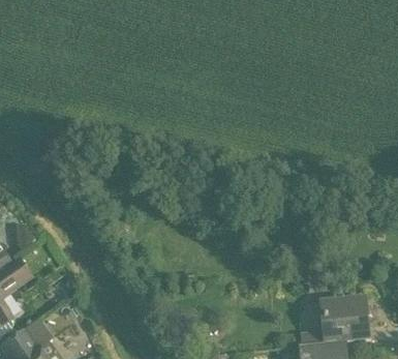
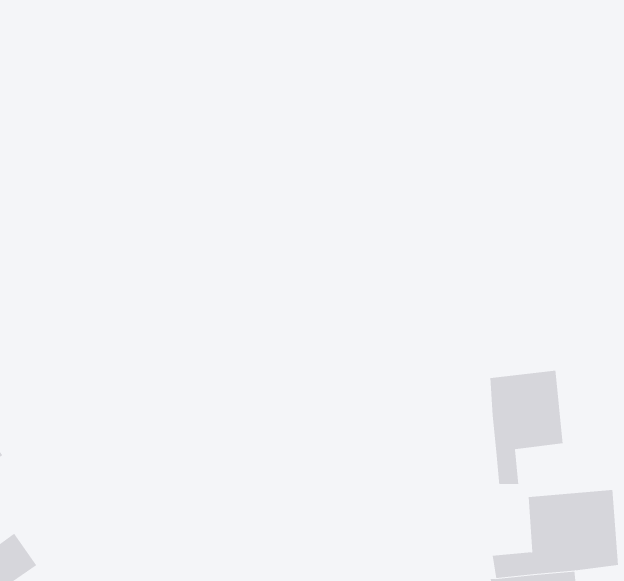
building: none -> [490,370,563,485]

